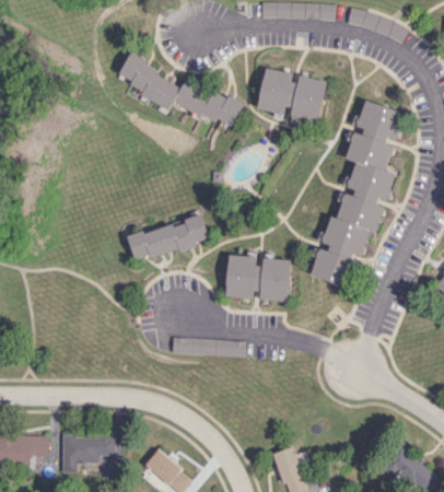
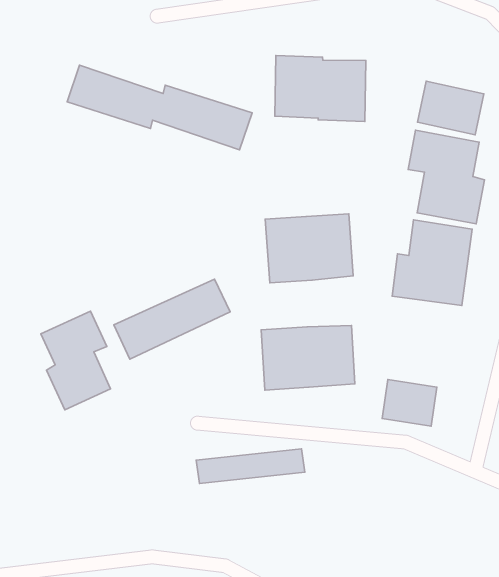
building: none -> [265,214,353,283]
building: none -> [41,311,111,410]
building: [311,249,351,285] -> [382,380,437,426]

